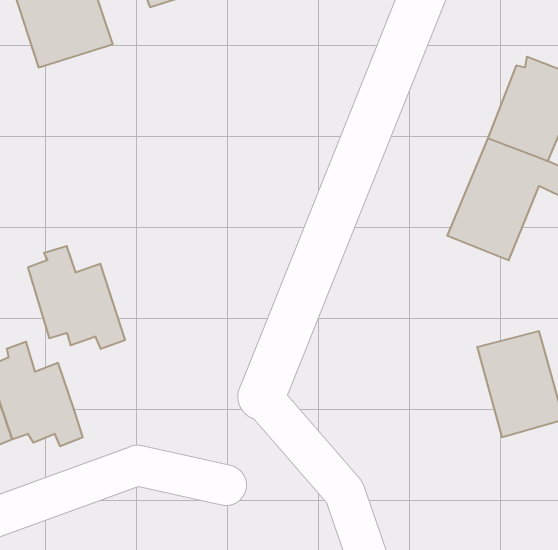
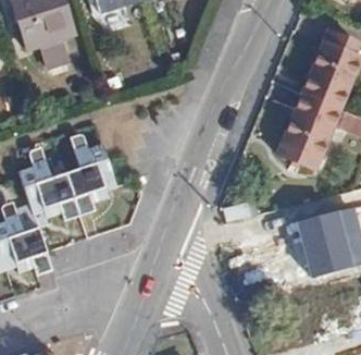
building: none -> [65,145,115,217]

